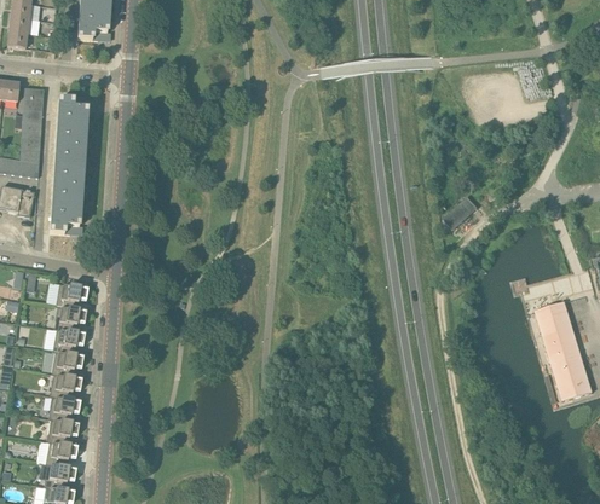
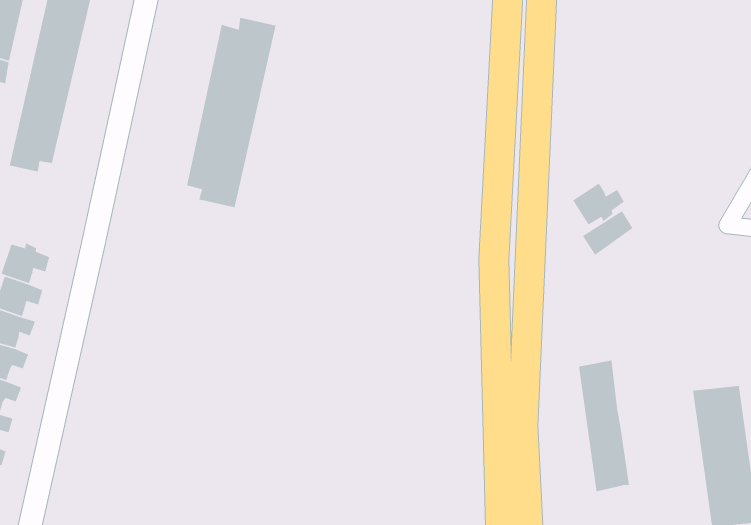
building: none -> [186,17,276,208]
building: none -> [572,183,625,225]
building: none -> [578,359,630,492]

